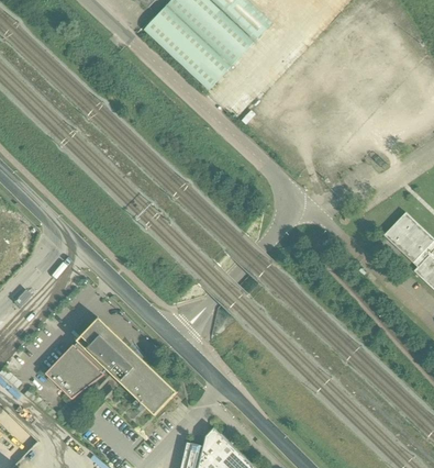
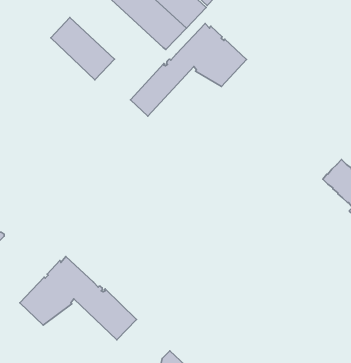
building: none -> [51,17,114,80]
building: none -> [130,23,247,116]

